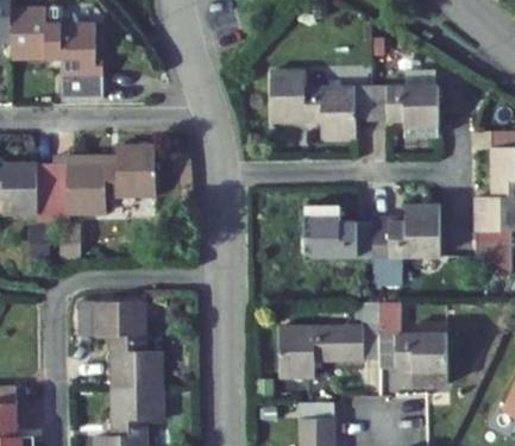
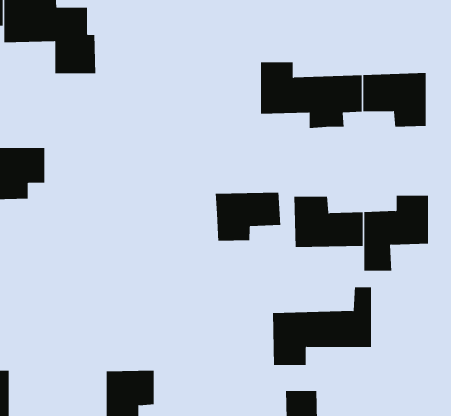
building: [55,144,158,212] -> none
building: none -> [215,192,281,242]
building: [80,301,164,385] -> none
building: [382,301,448,384] -> none

